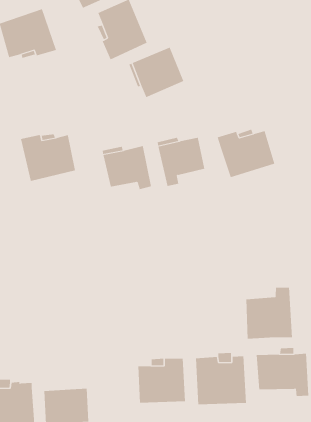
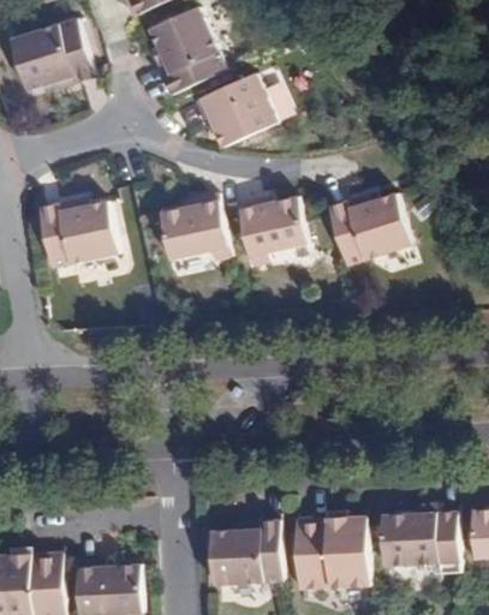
building: [246,287,292,339] -> none

